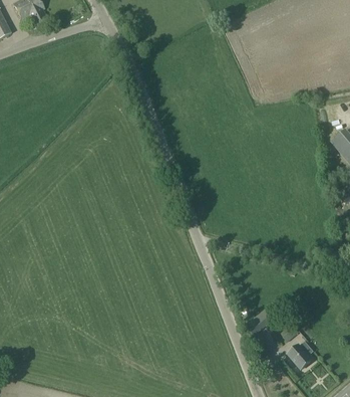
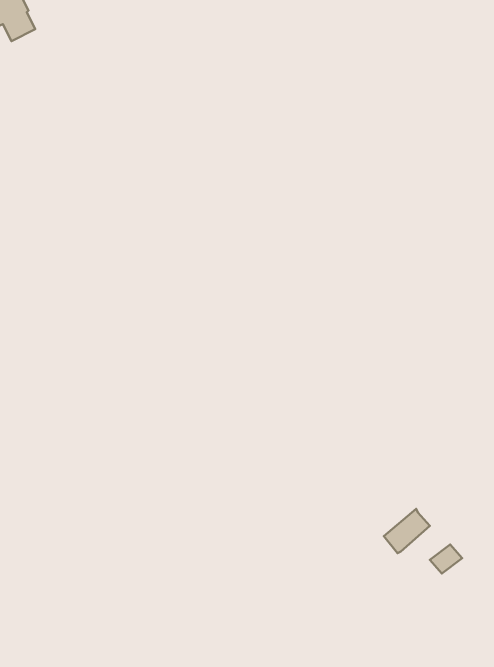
building: [287,341,313,368] -> none

